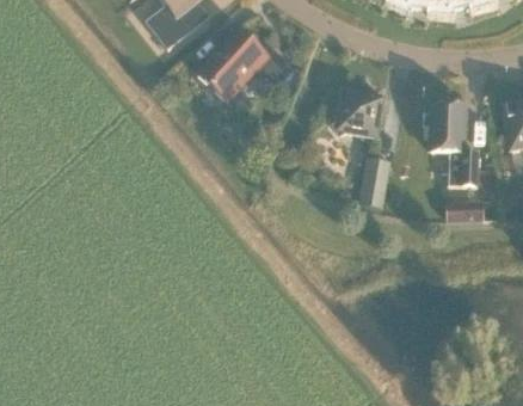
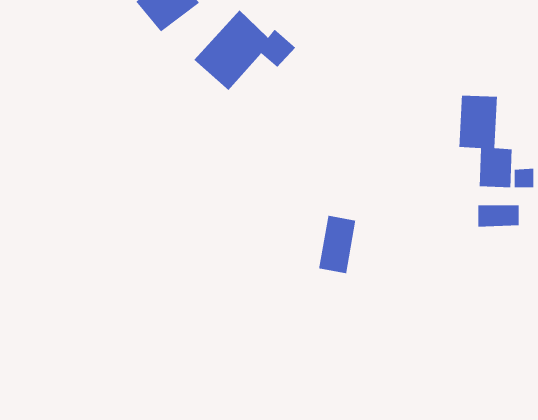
building: [334,87,384,135] -> none
building: [358,154,392,207] -> [318,215,356,274]

